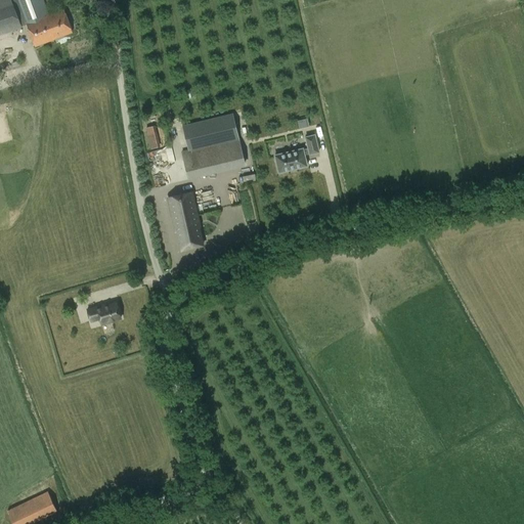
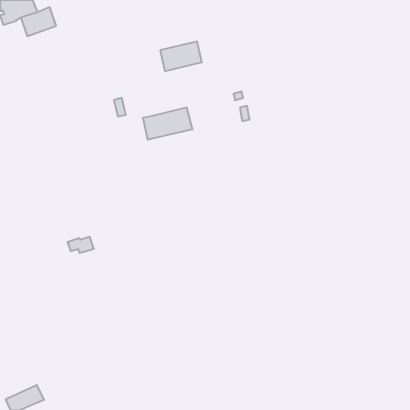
building: [185,111,238,148] -> [160,41,202,71]
building: [273,148,307,173] -> none
building: [167,191,203,250] -> none

